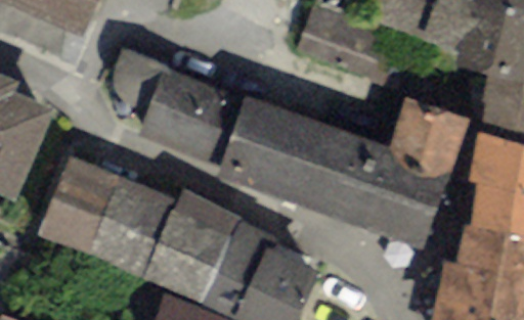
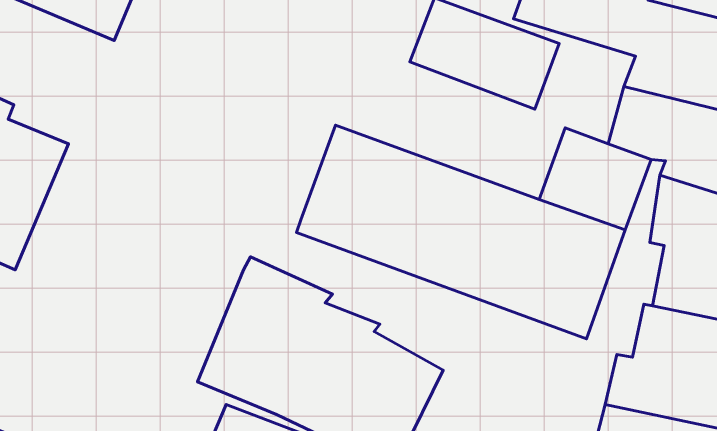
building: [113,48,244,164] -> none
building: [37,155,178,279] -> none

